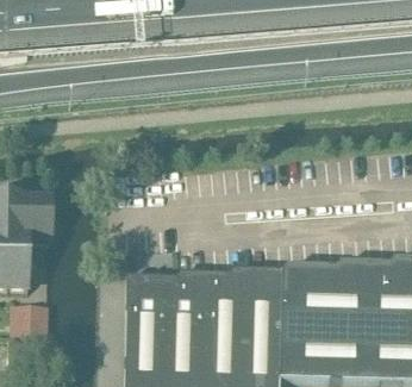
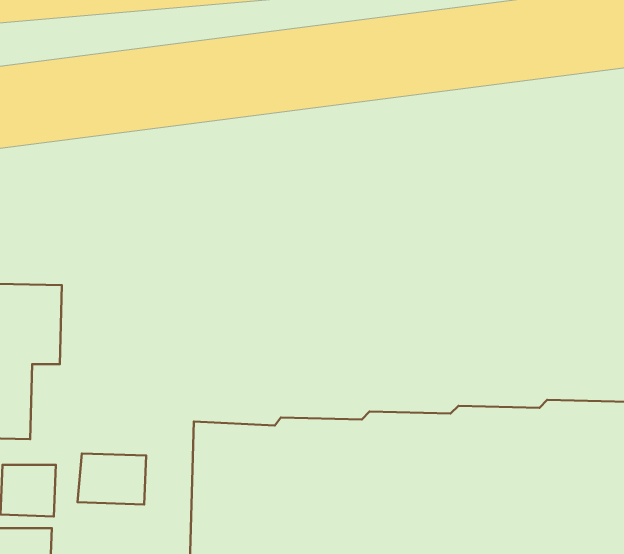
building: none -> [78,453,146,505]

